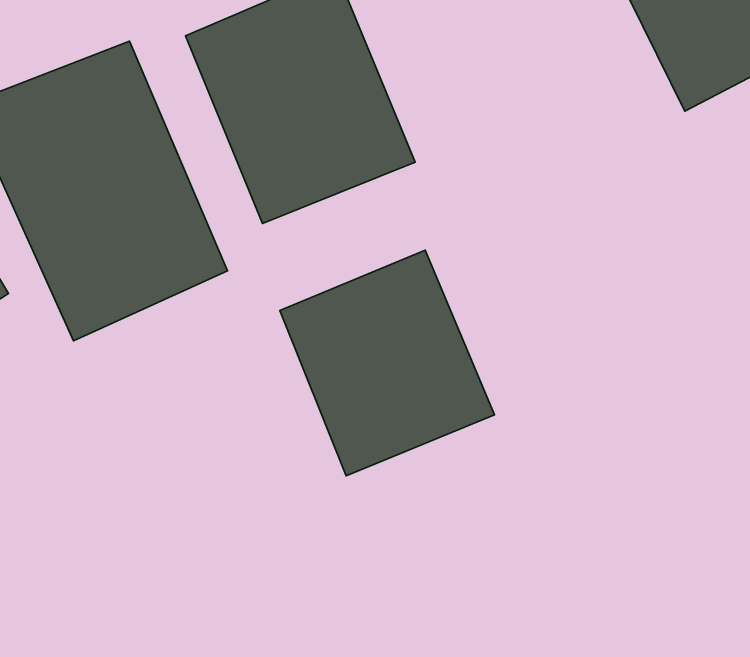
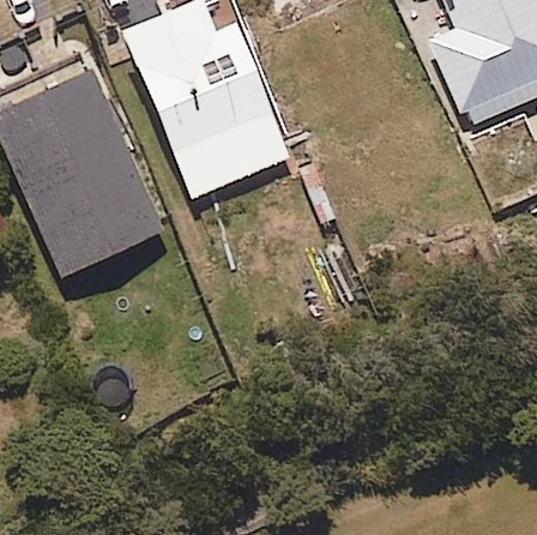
building: [280,250,494,476] -> none

